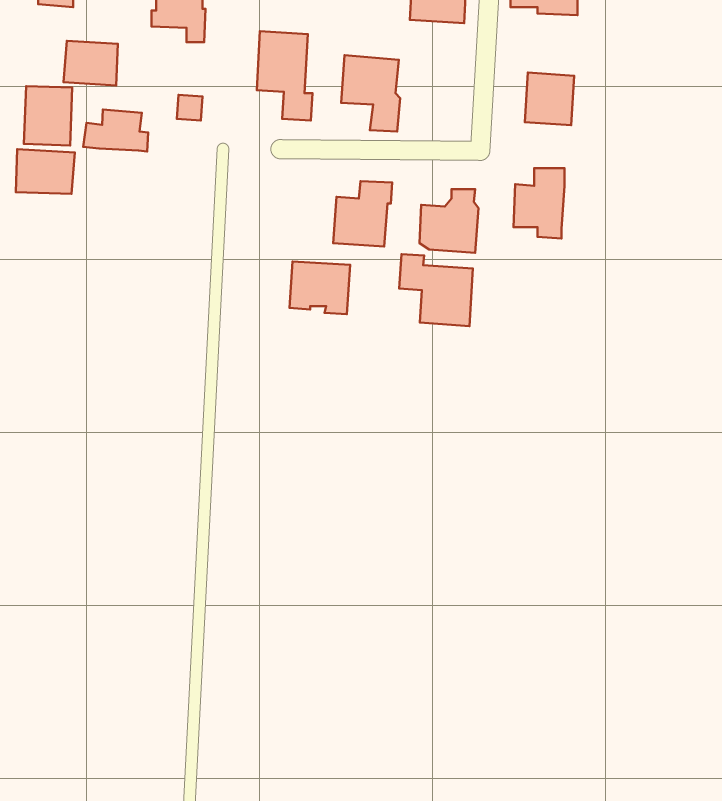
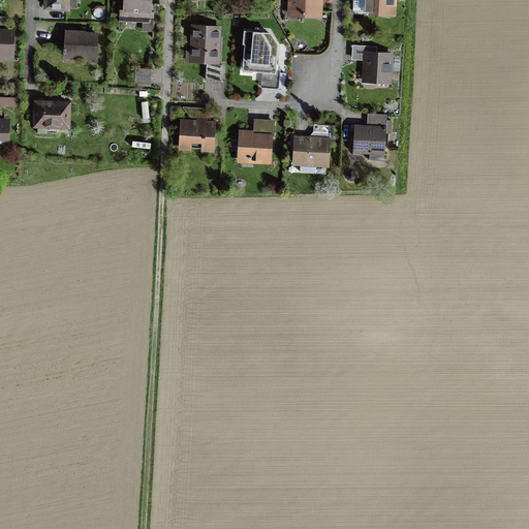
building: [24,86,72,145] -> none
building: [83,110,148,151] -> none
building: [399,254,473,326] -> none
building: [289,262,350,314] -> [177,119,216,153]

